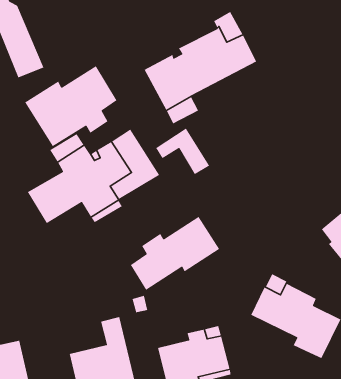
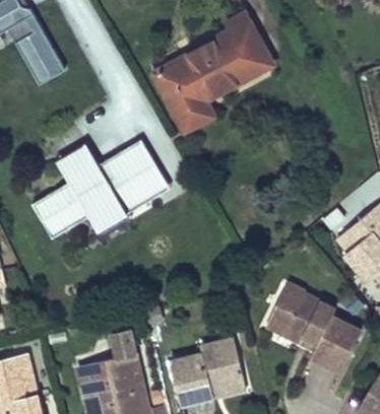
building: [24,65,118,147] -> none
building: [155,127,210,175] -> none
building: [130,216,220,291] -> none

